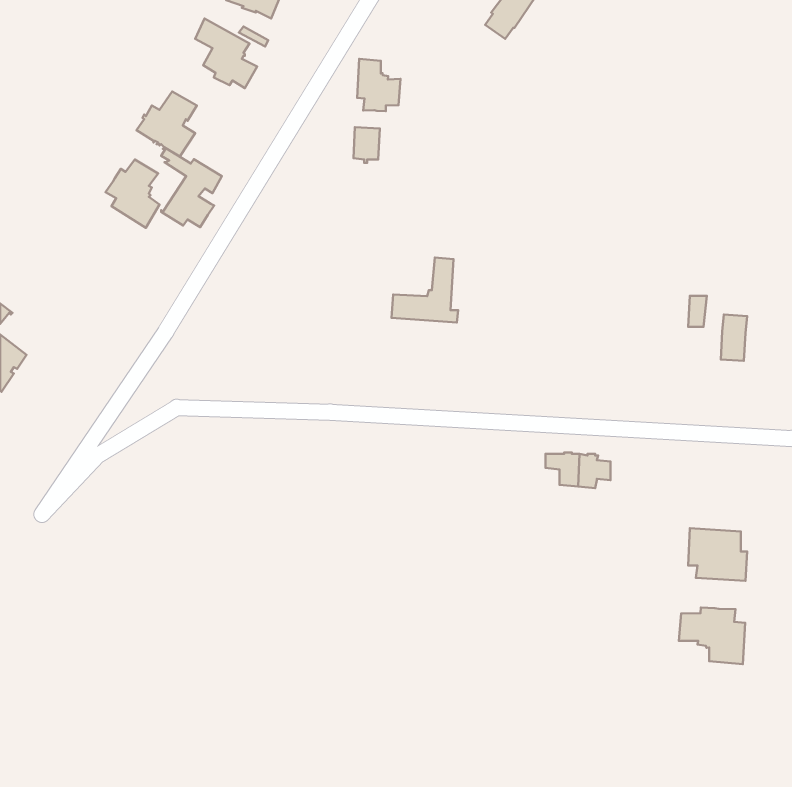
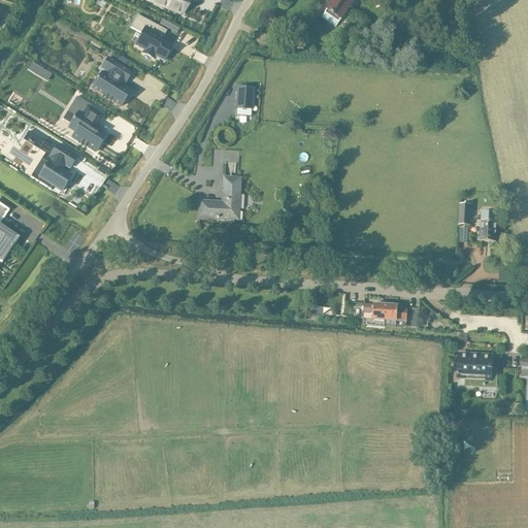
building: [357,59,400,111] -> none
building: [161,148,222,227] -> [35,136,75,189]
building: [392,257,458,323] -> [198,175,242,219]
building: [679,608,745,664] -> none

